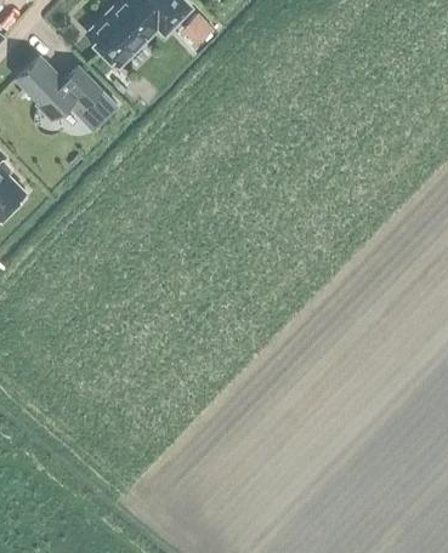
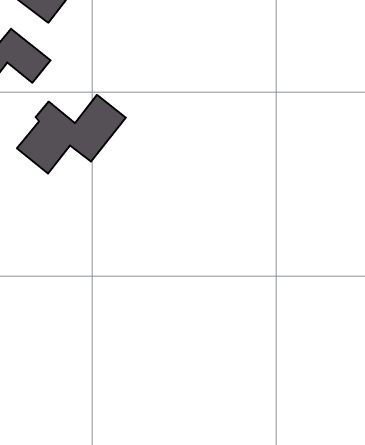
building: none -> [17,95,126,174]

